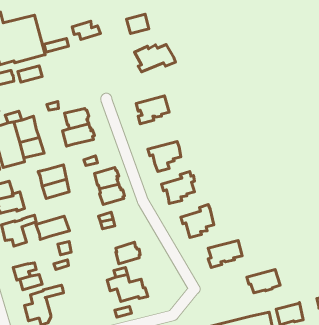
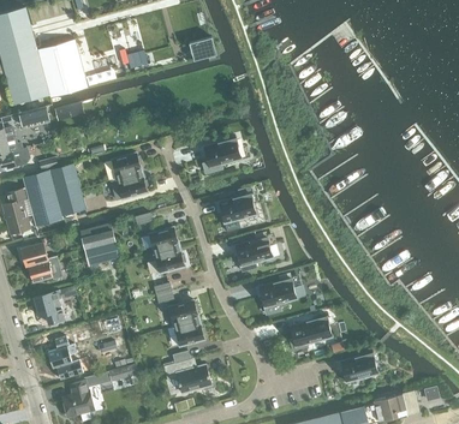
building: [135,44,175,72] -> none
building: [36,216,70,239] -> none
building: none -> [168,300,199,327]

